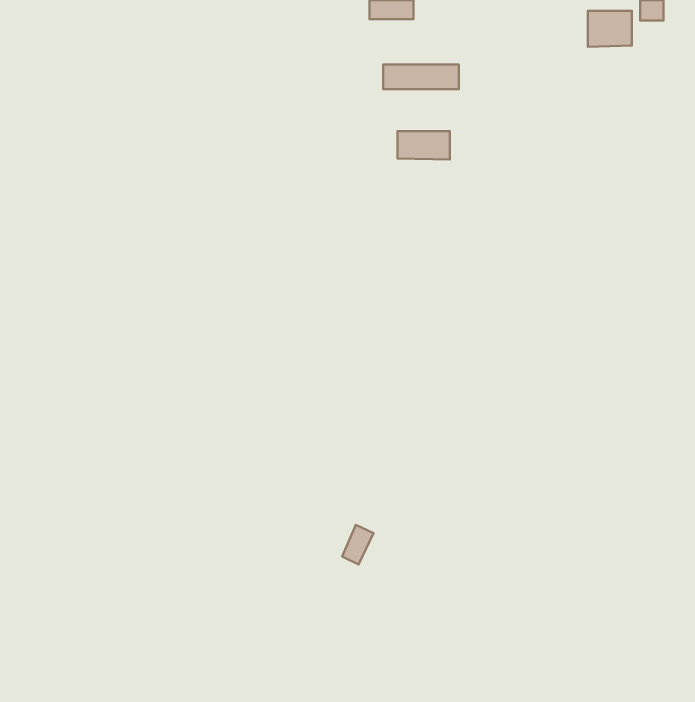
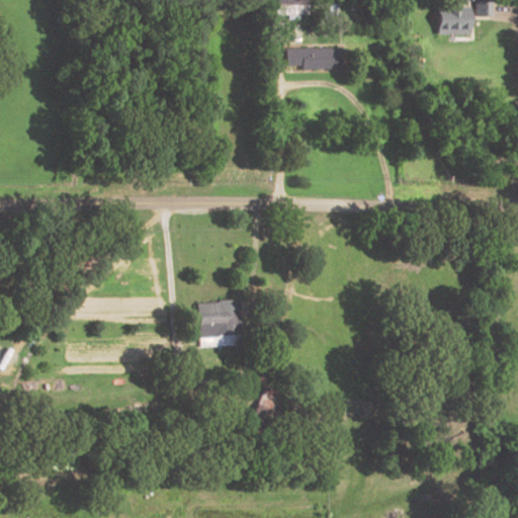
building: [398,131,450,160] -> none
building: none -> [198,301,243,338]

